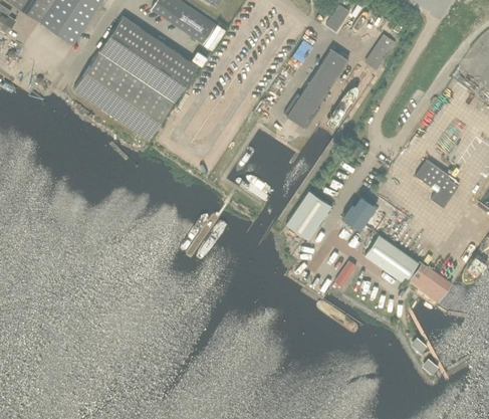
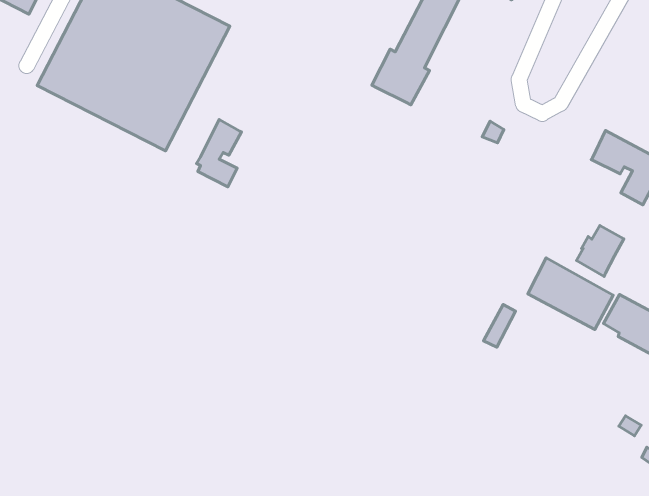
building: none -> [197,120,242,187]
building: [286,190,332,239] -> none
building: [344,196,376,228] -> [577,226,624,276]

